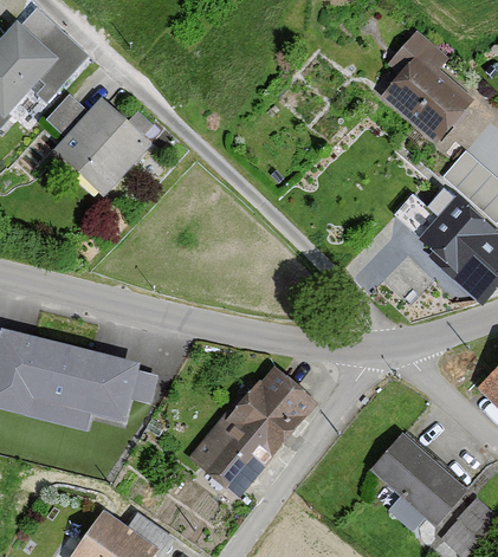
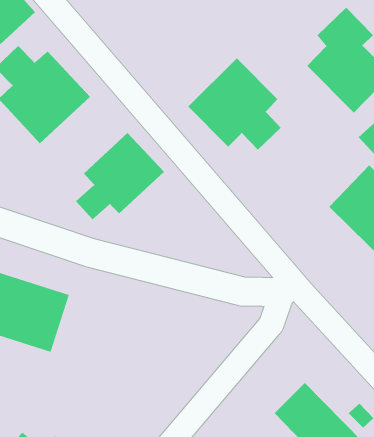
building: none -> [188,58,281,151]
building: none -> [75,132,165,220]
building: [188,369,316,499] -> none

